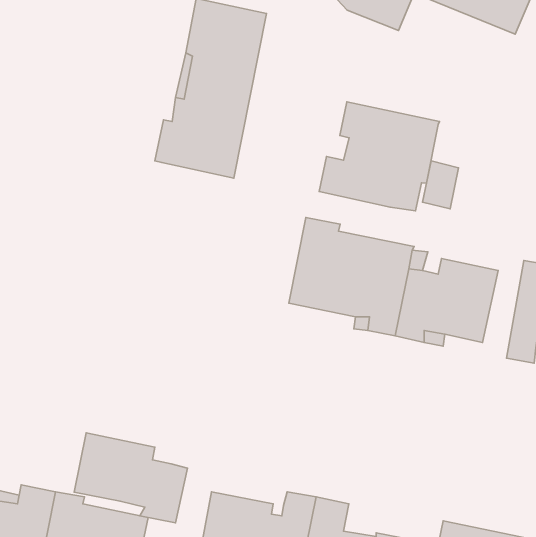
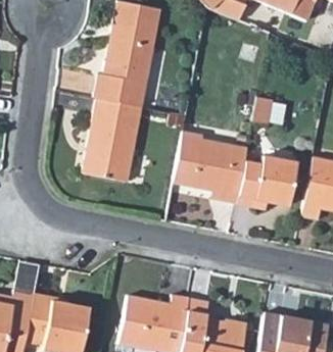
building: [319,102,440,211] -> none
building: none -> [84,98,141,181]
building: [74,433,187,523] -> none

